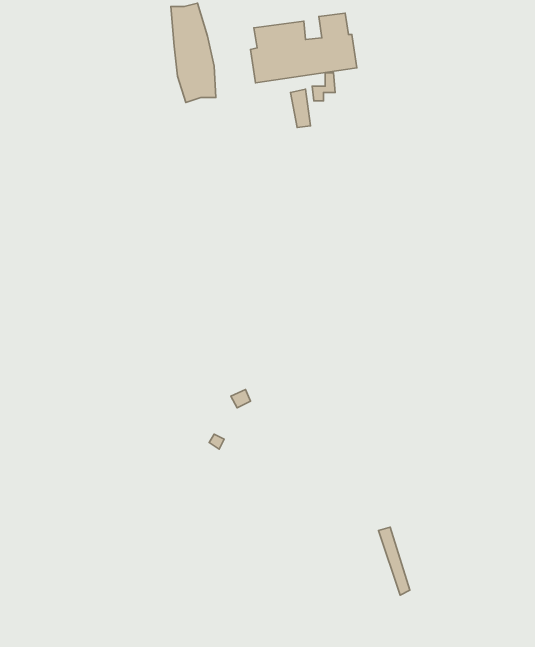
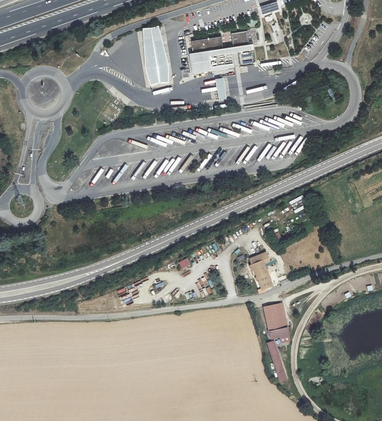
building: none -> [249,252,272,294]
building: none -> [263,303,290,343]

